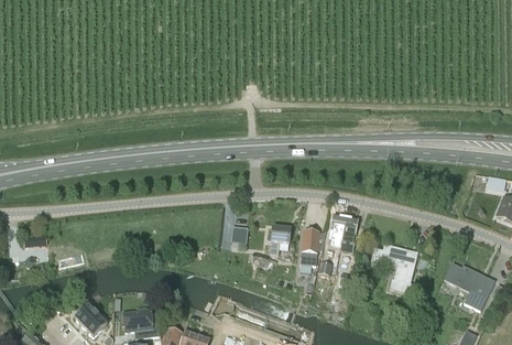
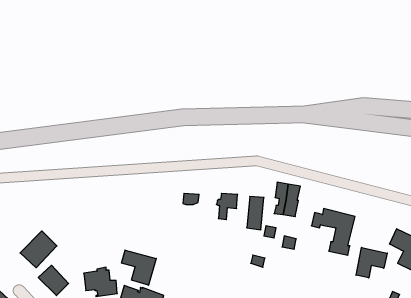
building: none -> [20,231,57,268]
building: none -> [356,247,387,278]
building: none -> [121,250,156,285]

